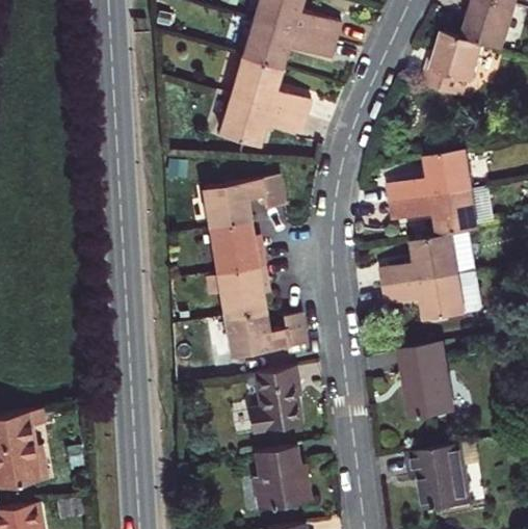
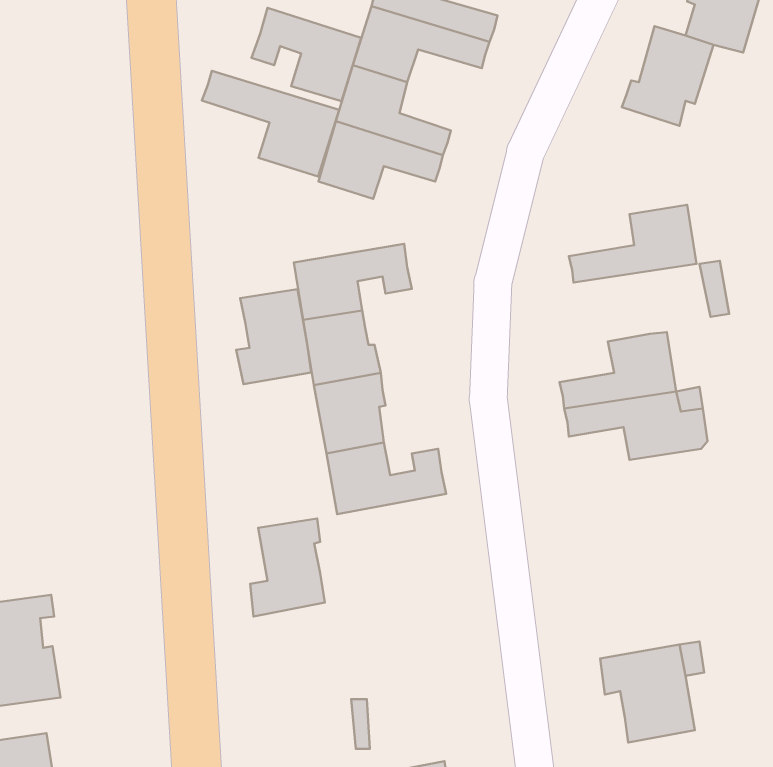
building: none -> [252,8,361,101]
building: none -> [202,71,339,177]
building: [390,189,479,236] -> none
building: none -> [236,289,311,384]
building: [400,342,452,419] -> none
building: [248,367,298,432] -> [250,519,325,617]
building: [254,446,307,510] -> none

